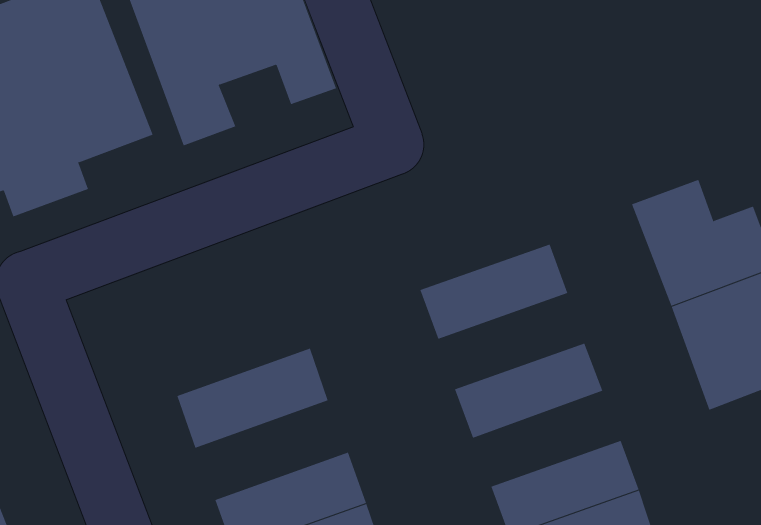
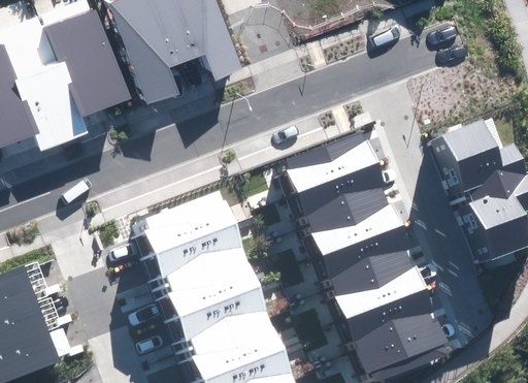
building: none -> [287,136,380,196]
building: none -> [309,198,401,258]
building: none -> [134,200,230,262]
building: none -> [331,259,424,319]
building: none -> [158,265,254,327]

